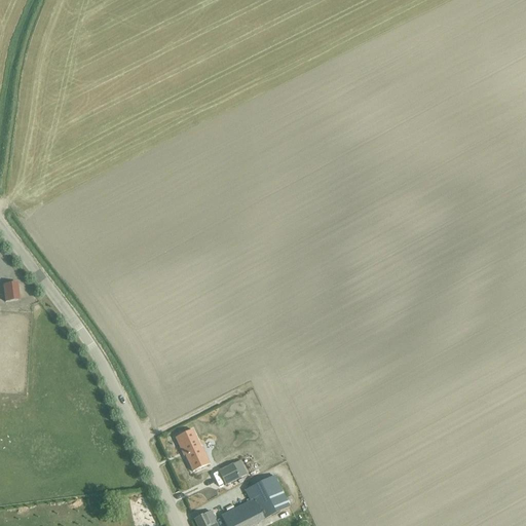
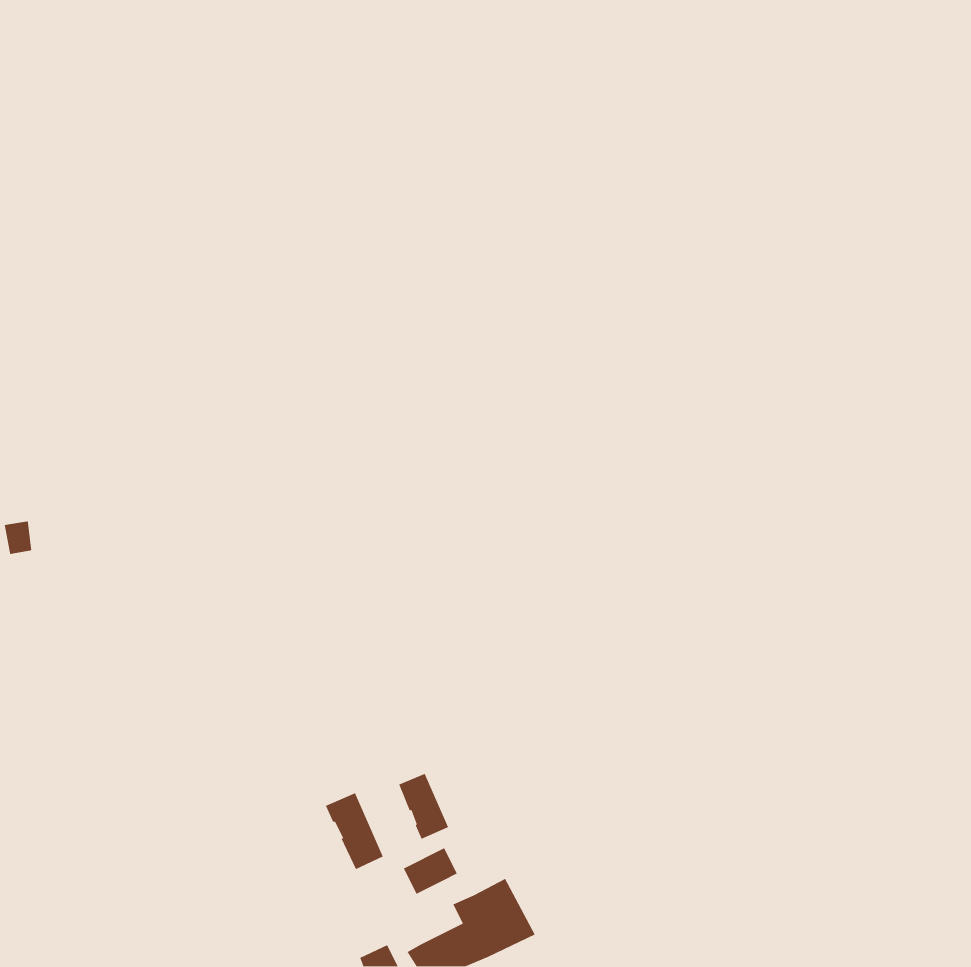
building: none -> [398,773,449,840]

